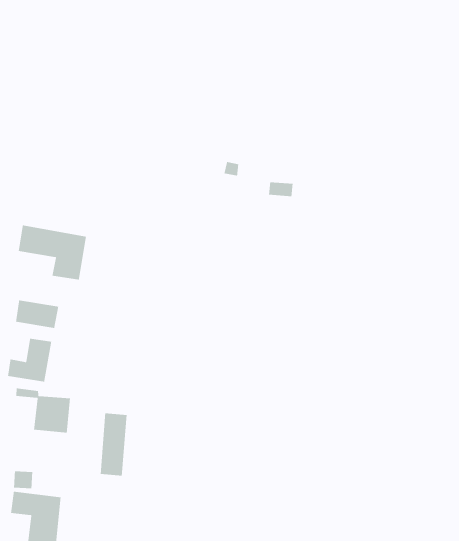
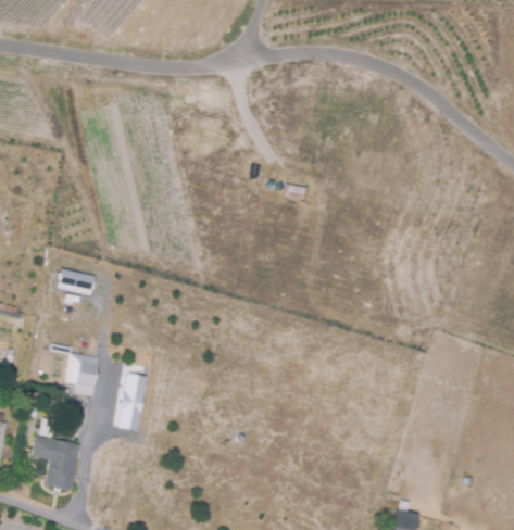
building: [18,225,87,280] -> none
building: [7,338,52,382] -> none

